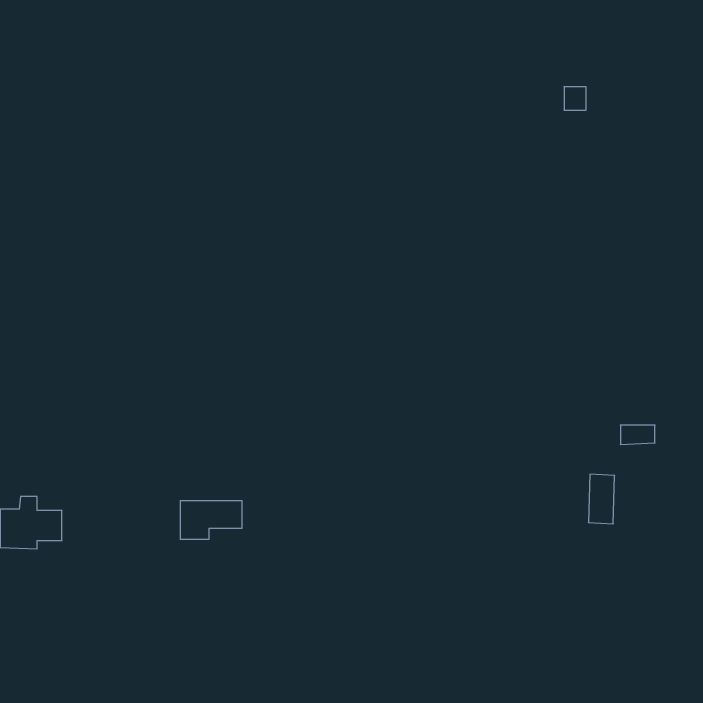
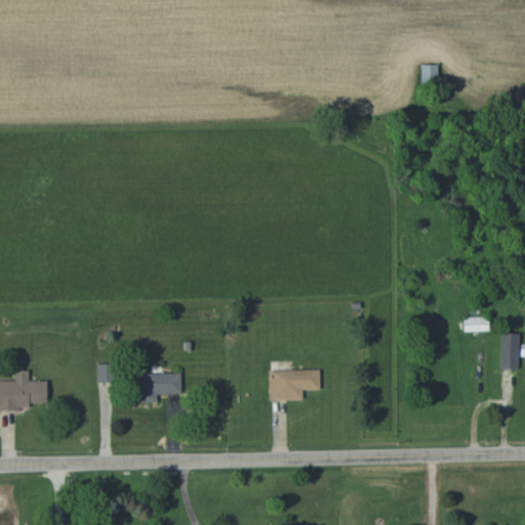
building: [588,474,615,524] -> [499,332,519,369]
building: none -> [269,369,320,400]

